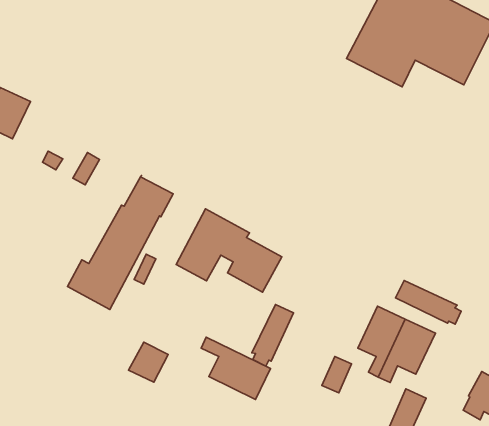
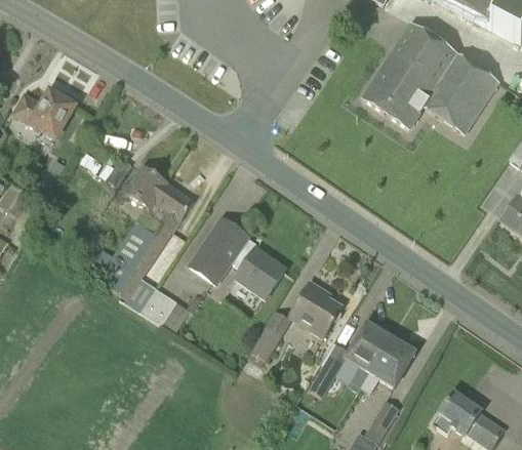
building: none -> [126,166,168,208]
building: none -> [290,282,343,336]
building: [396,280,461,324] -> none
building: [201,337,271,399] -> none
building: [129,342,168,382] -> [140,288,177,325]

